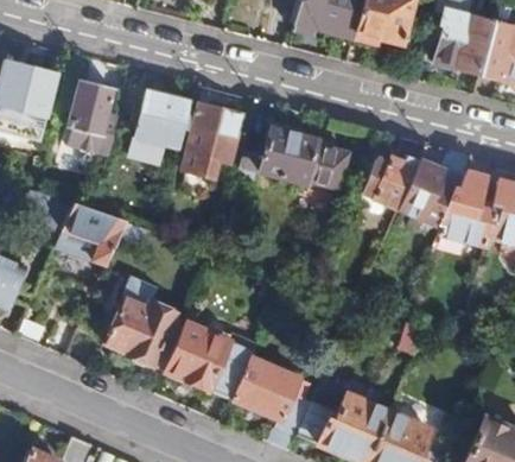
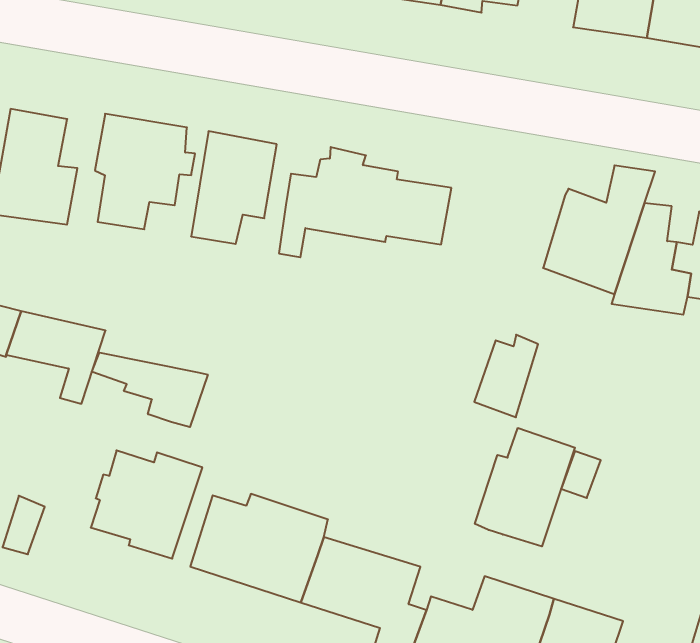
building: [376,156,419,207] -> [474,335,538,417]
building: none -> [92,352,208,427]
building: none -> [475,428,575,546]

